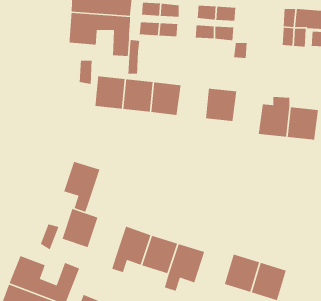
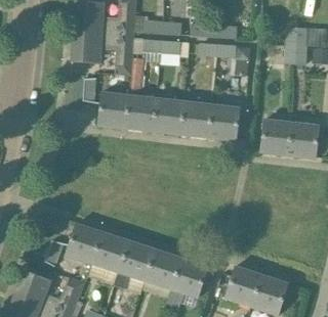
building: none -> [180,101,211,135]
building: [63,161,100,213] -> [92,232,129,283]

